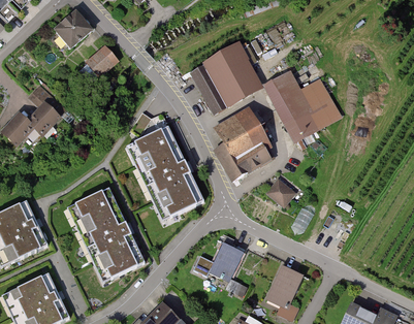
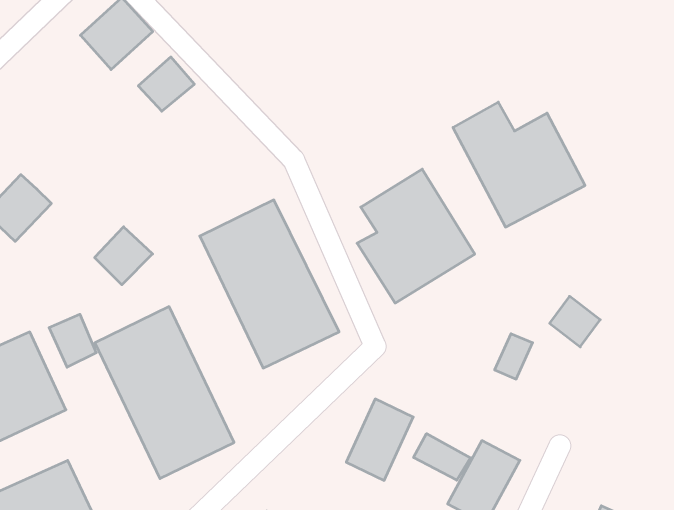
building: [188,42,265,117] -> none
building: [29,102,62,135] -> [95,227,153,285]
building: [265,176,294,205] -> [550,296,600,347]
building: none -> [49,314,96,367]
building: none -> [414,434,471,480]

